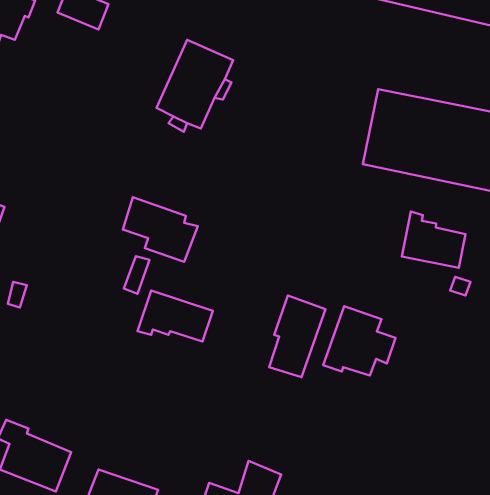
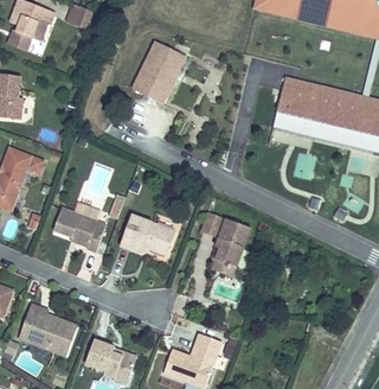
building: [123,197,198,262] -> [51,206,103,251]
building: [402,212,465,268] -> none
building: [323,306,395,376] -> none

